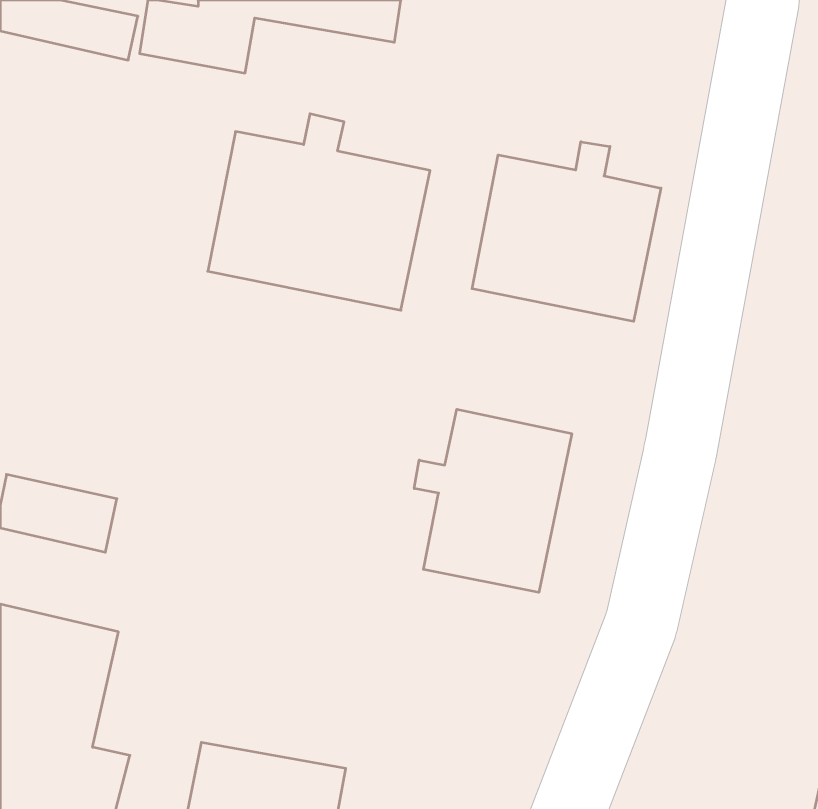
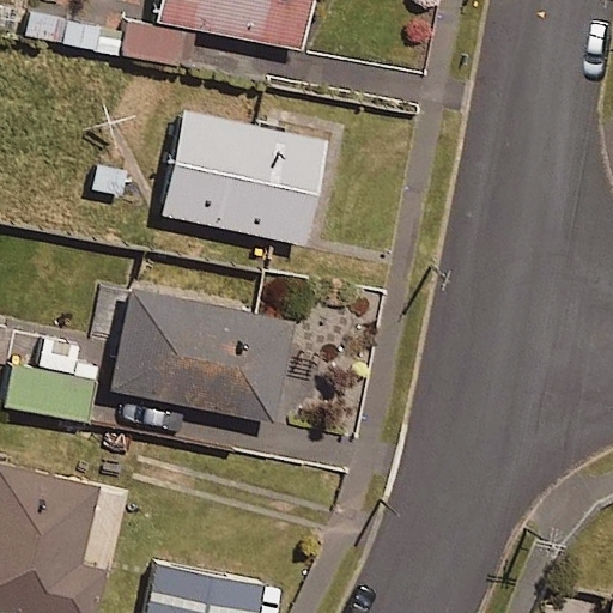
building: [472,142,661,321] -> none
building: none -> [109,289,291,421]
building: [414,409,572,592] -> none

